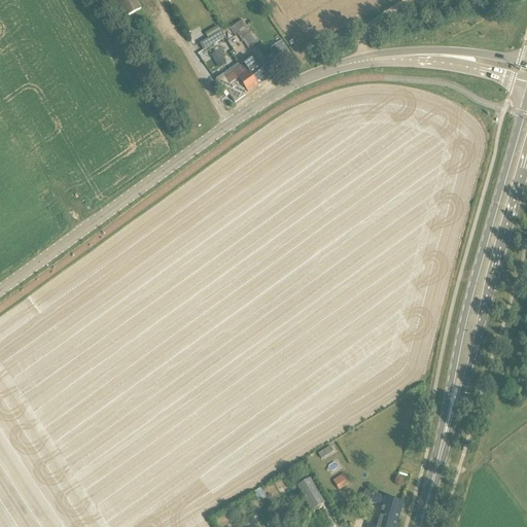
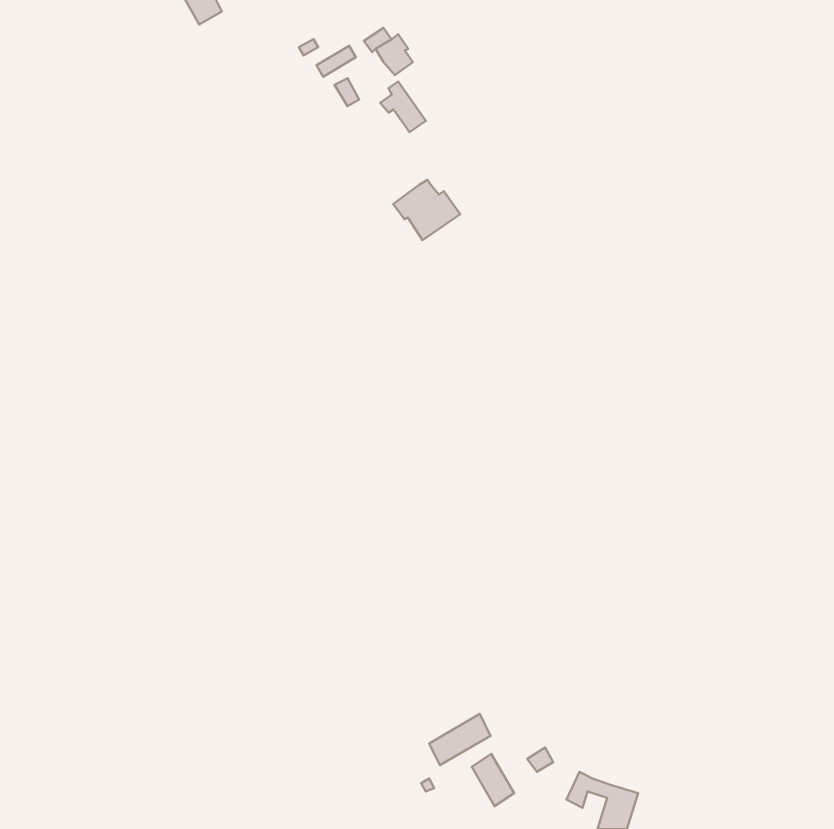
building: [216,62,258,100] -> [393,180,460,240]
building: none -> [429,714,490,765]

